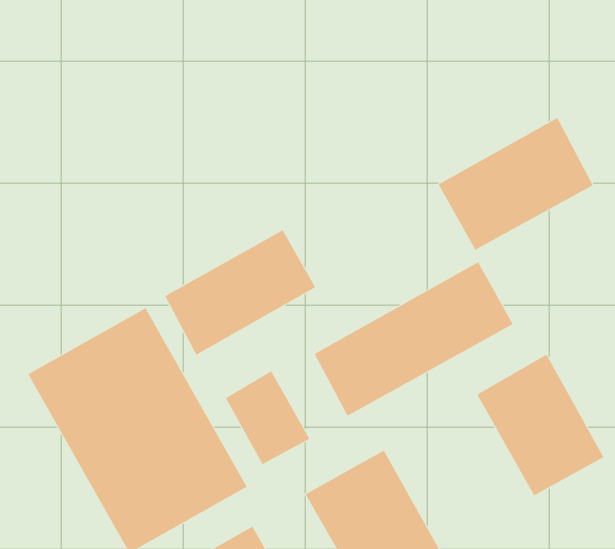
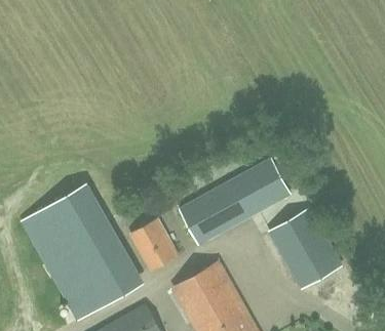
building: [438,117,594,251] -> none
building: [164,229,316,356] -> none

